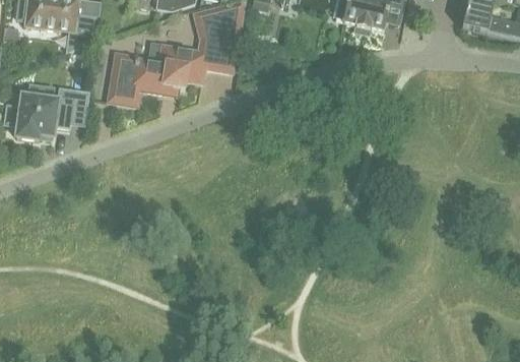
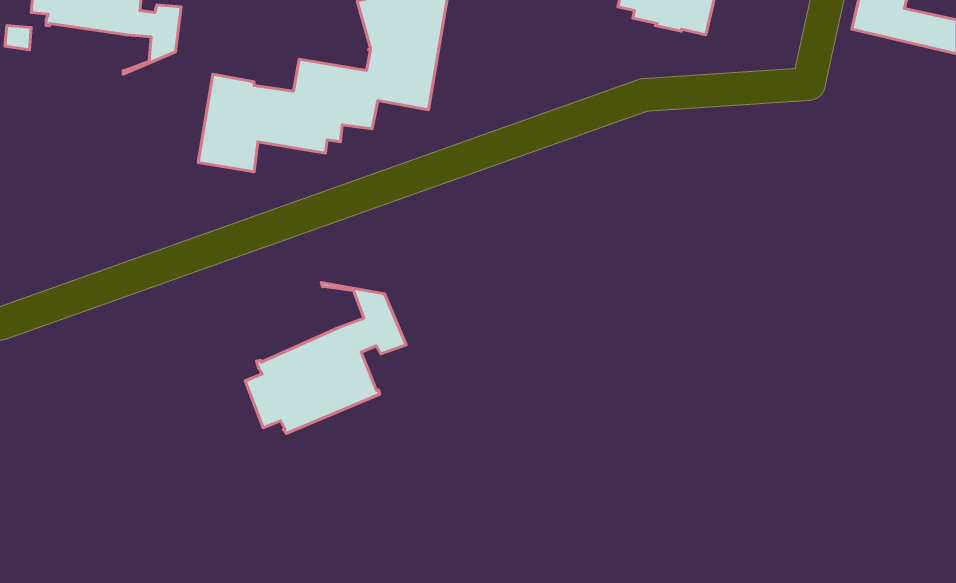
building: [5,88,89,139] -> none
building: none -> [245,283,406,433]

